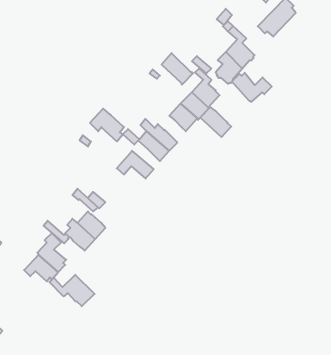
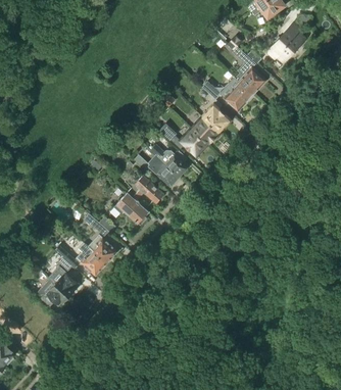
building: [162,53,193,85] -> none
building: [232,73,272,102] -> none
building: [200,107,231,137] -> none
building: [90,109,124,141] -> [114,194,148,227]
building: [49,275,95,306] -> none

